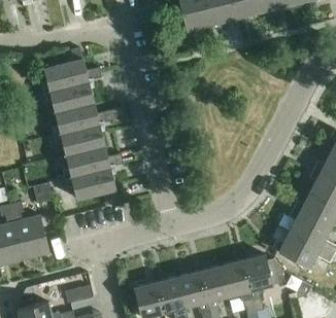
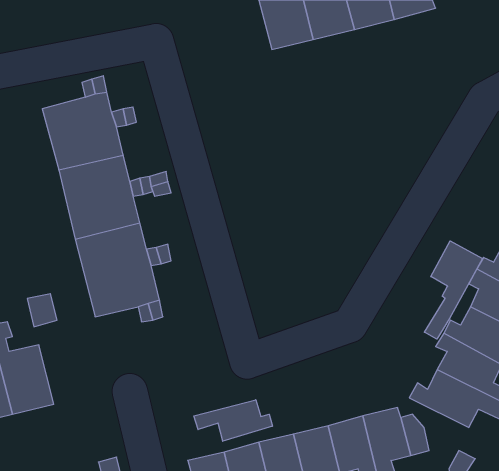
building: none -> [424,241,483,339]
building: none -> [194,400,272,441]

